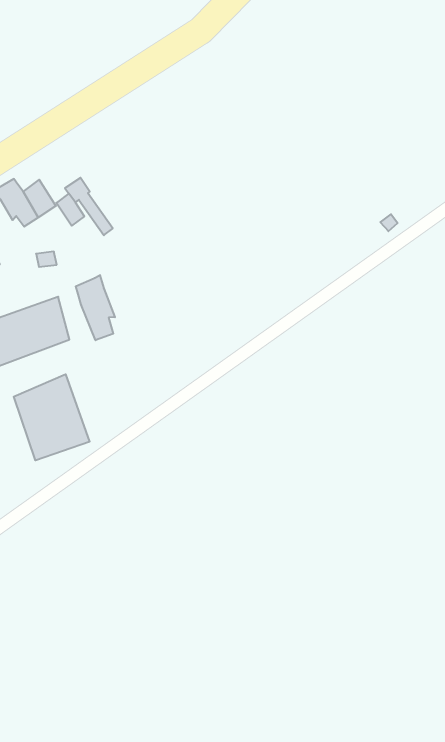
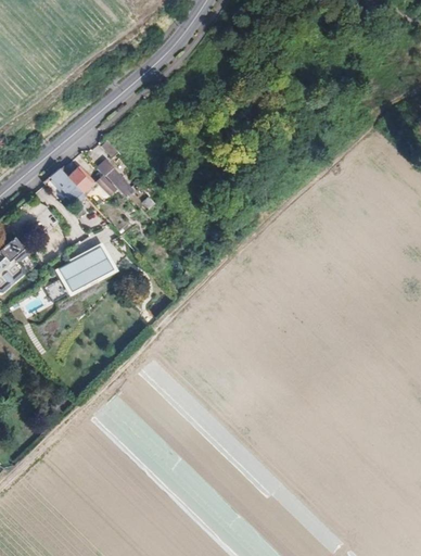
building: [76,275,115,340] -> none
building: [14,374,90,460] -> none

